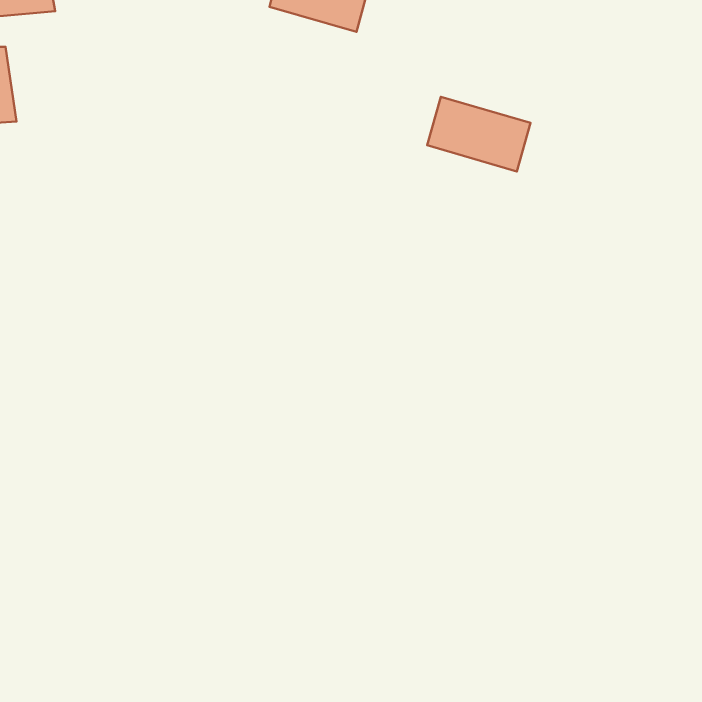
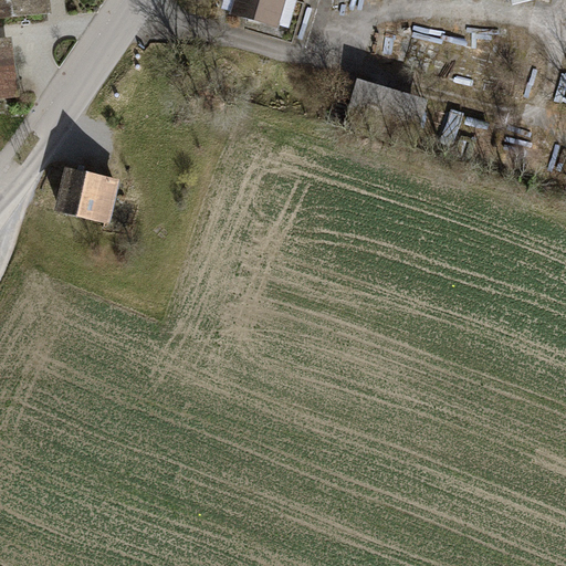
building: none -> [53,163,119,221]

